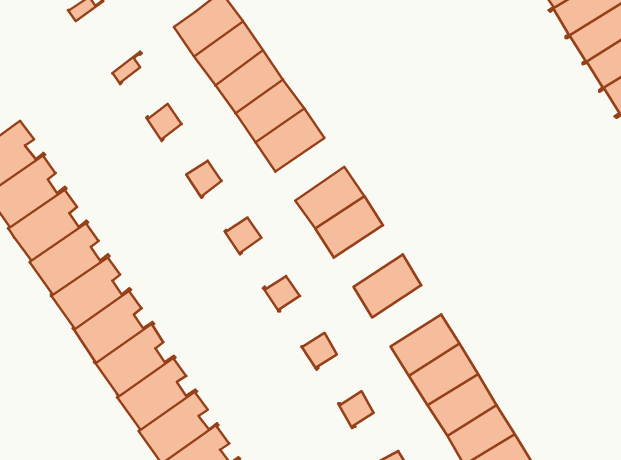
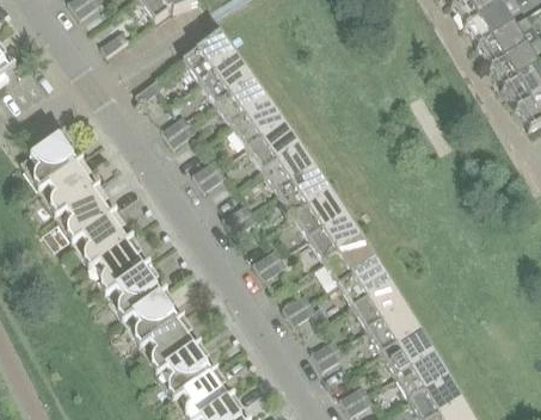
building: none -> [263,144,316,193]
building: none -> [308,212,362,260]
building: none -> [338,259,392,307]

